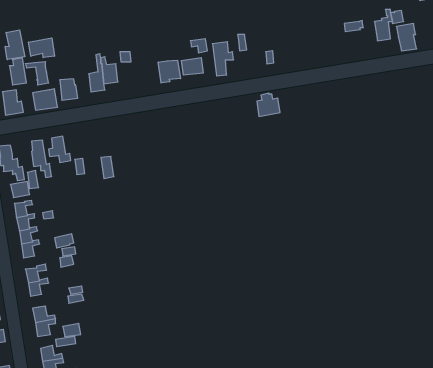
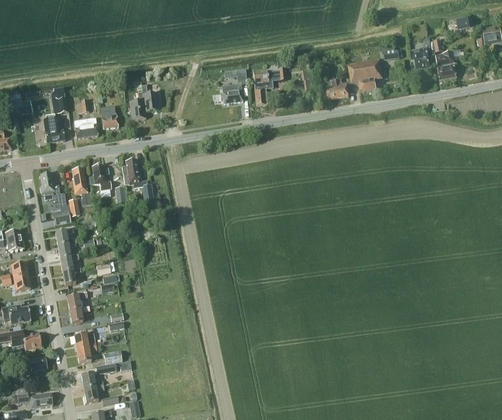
building: none -> [348,58,382,91]
building: [5,30,25,60] -> none
building: [29,38,54,58] -> none
building: [158,60,180,83] -> none
building: [257,93,280,116] -> [325,76,348,99]
building: none -> [121,159,141,184]

